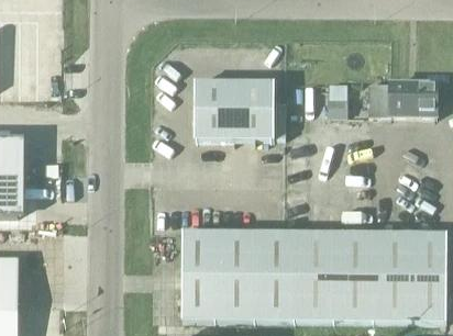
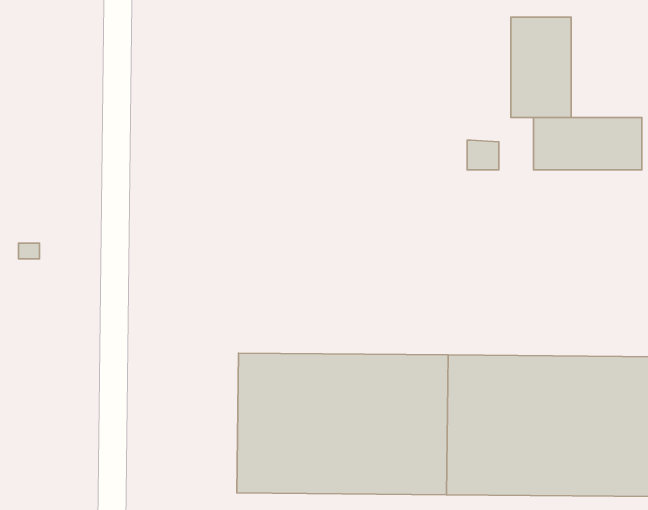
building: none -> [511,17,571,117]
building: [194,81,274,138] -> none

